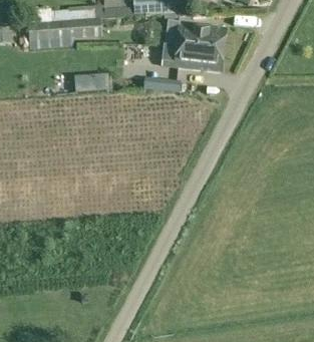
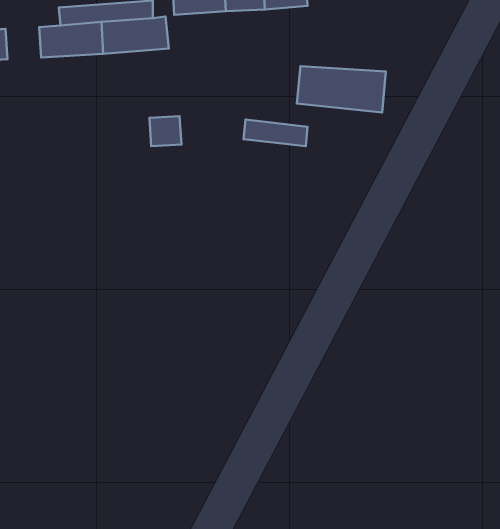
building: [163,23,226,48] -> none

